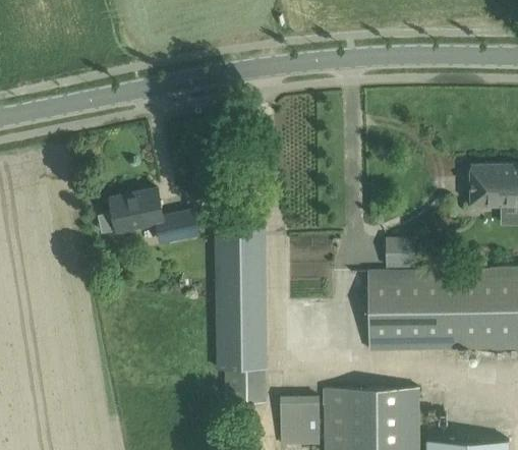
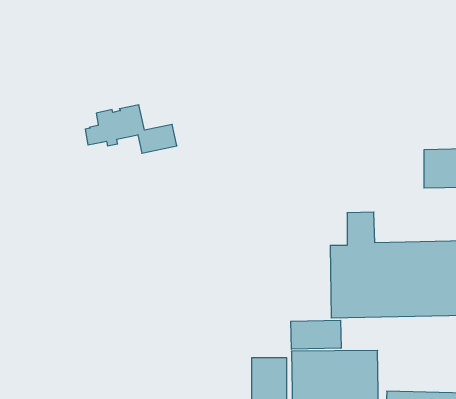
building: [98,191,198,244] -> [85,105,177,153]
building: [214,224,270,404] -> none
building: none -> [291,320,341,349]

